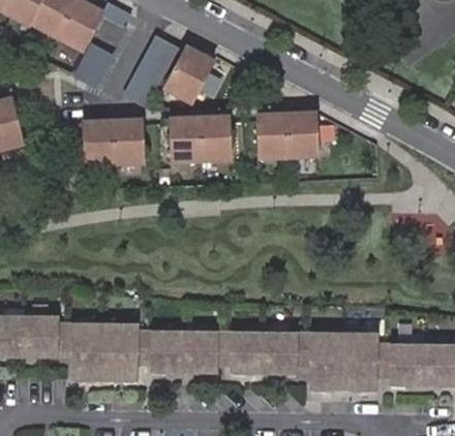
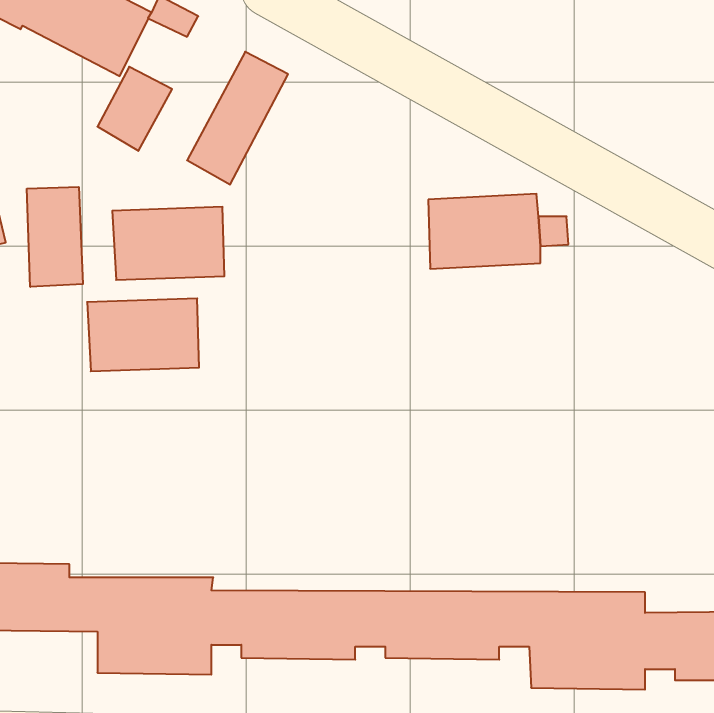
building: [163,49,214,103] -> none
building: none -> [27,187,83,287]
building: [168,117,230,157] -> [87,298,199,371]

